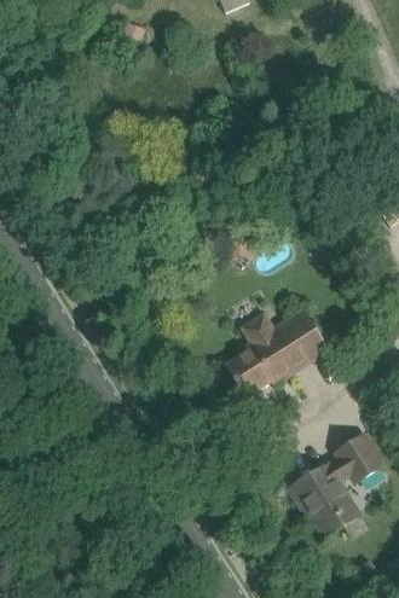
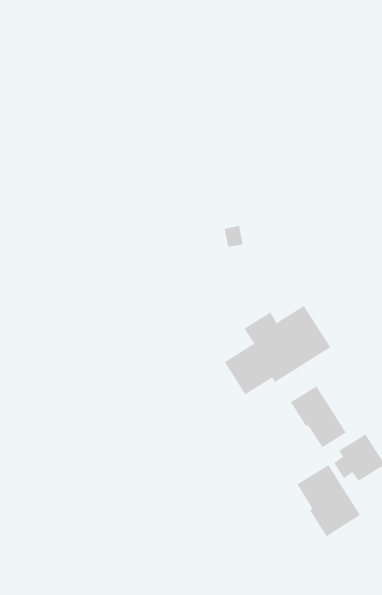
building: none -> [290,386,346,448]

